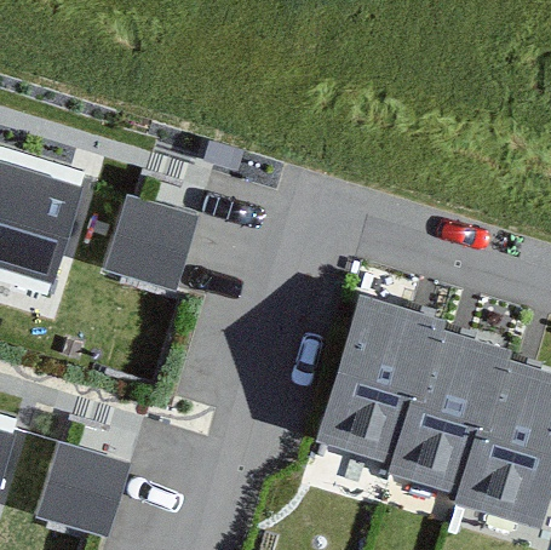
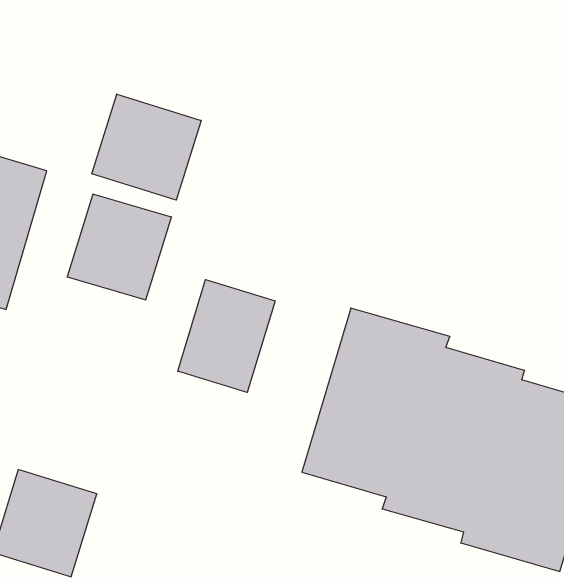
building: none -> [92,94,201,200]
building: none -> [178,280,275,392]

